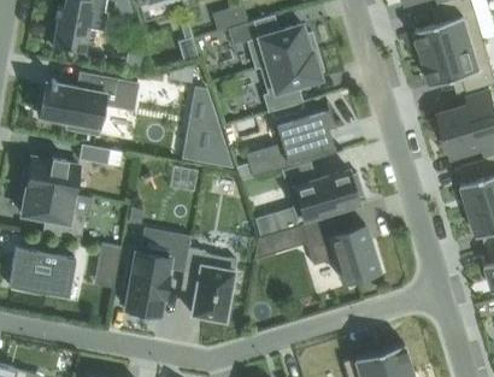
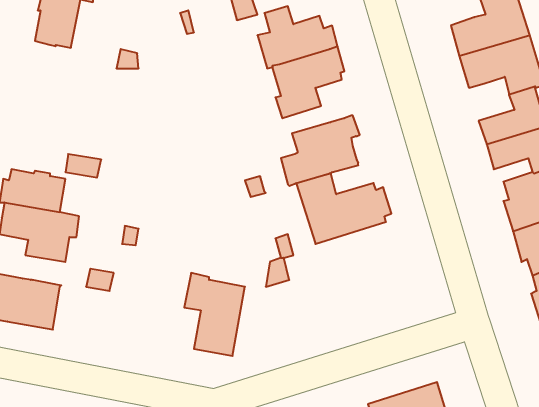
building: [37,76,137,135] -> none
building: [182,87,233,169] -> none
building: [301,214,380,283] -> none
building: [123,234,192,318] -> none

